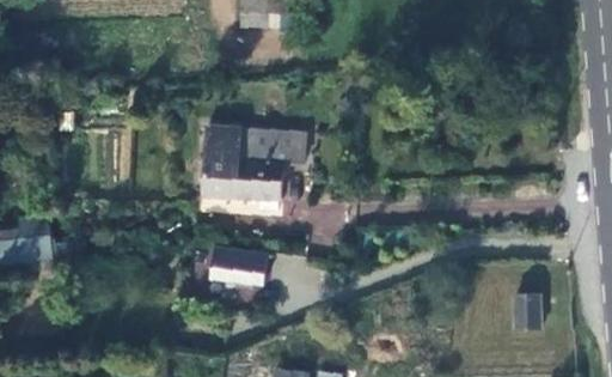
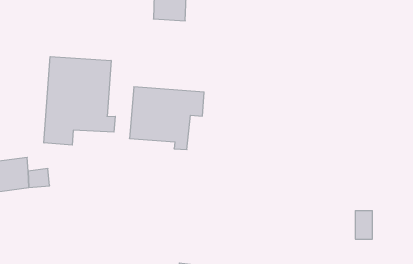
building: none -> [44,57,115,145]
building: [214,248,271,282] -> none

